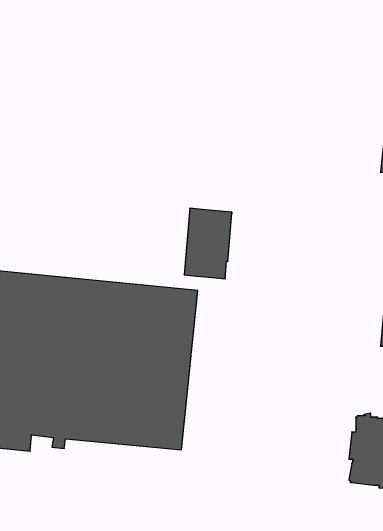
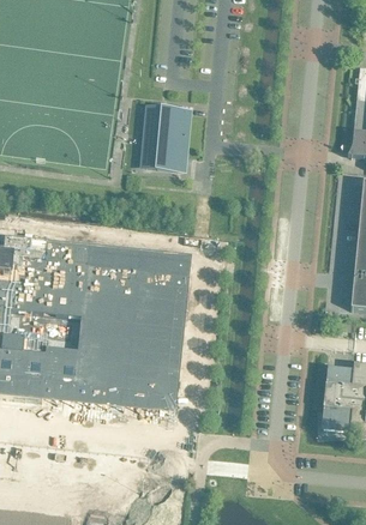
building: [184,208,232,279] -> [146,107,188,169]

